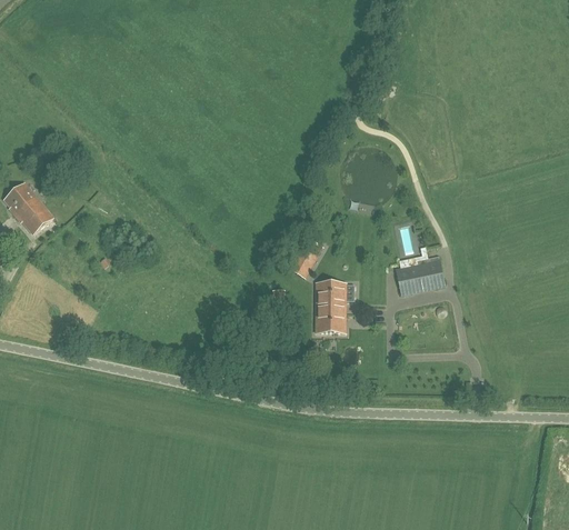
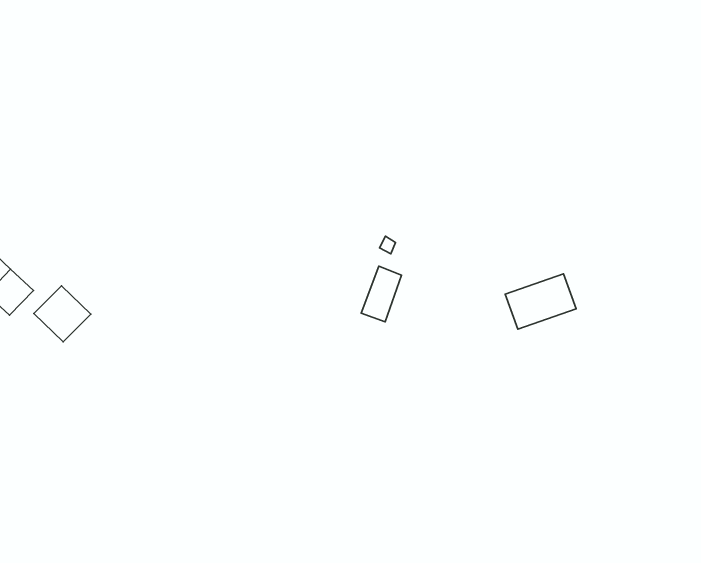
building: none -> [34,286,91,342]
building: [316,281,346,331] -> none

